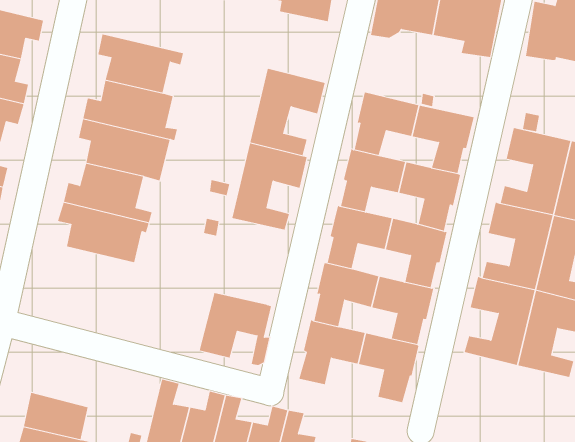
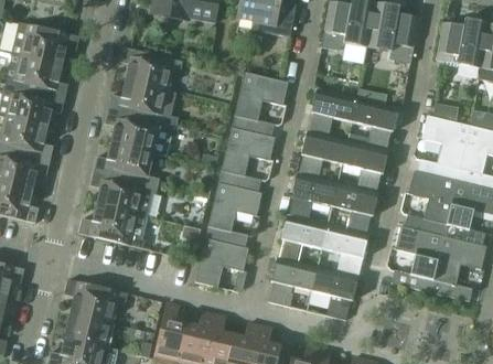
building: none -> [205,183,261,247]
building: none -> [78,204,147,248]
building: none -> [64,279,128,323]

